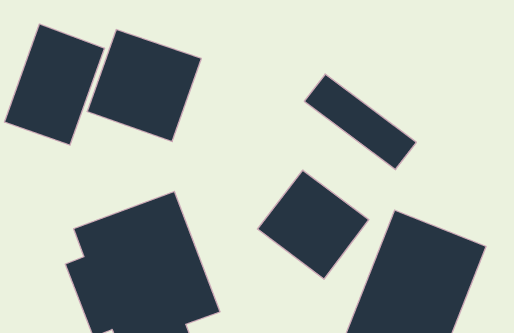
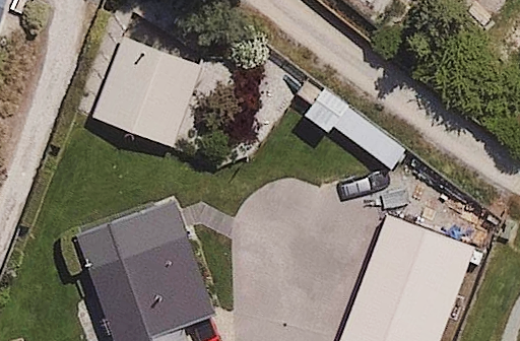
building: [5,24,104,145] -> none
building: [257,170,369,279] -> none

